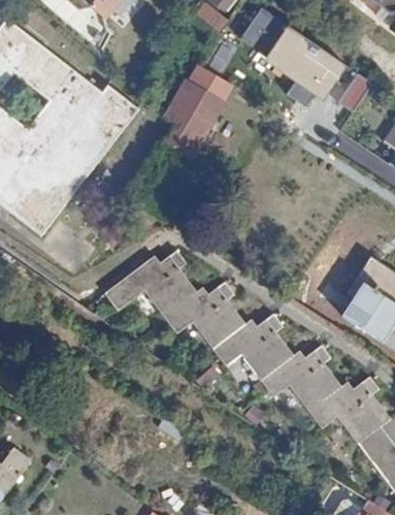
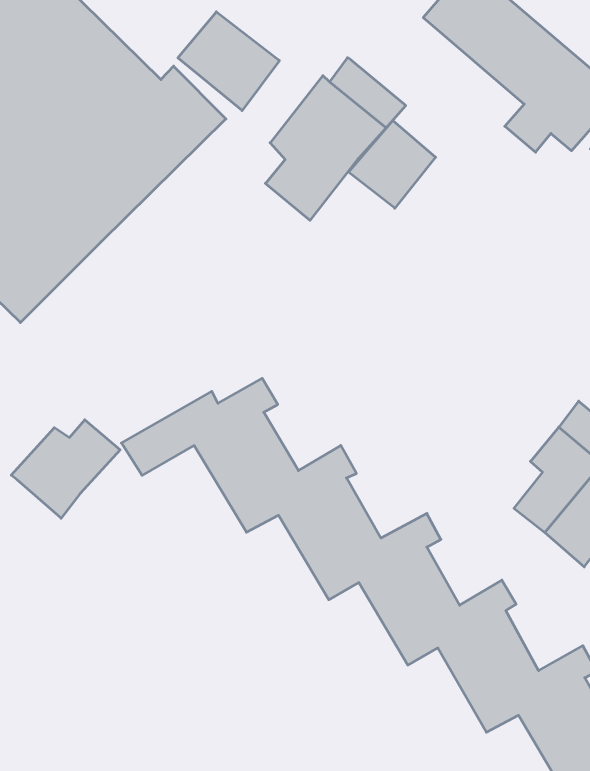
building: none -> [178,12,279,111]
building: none -> [349,120,436,208]
building: none -> [11,420,120,518]

